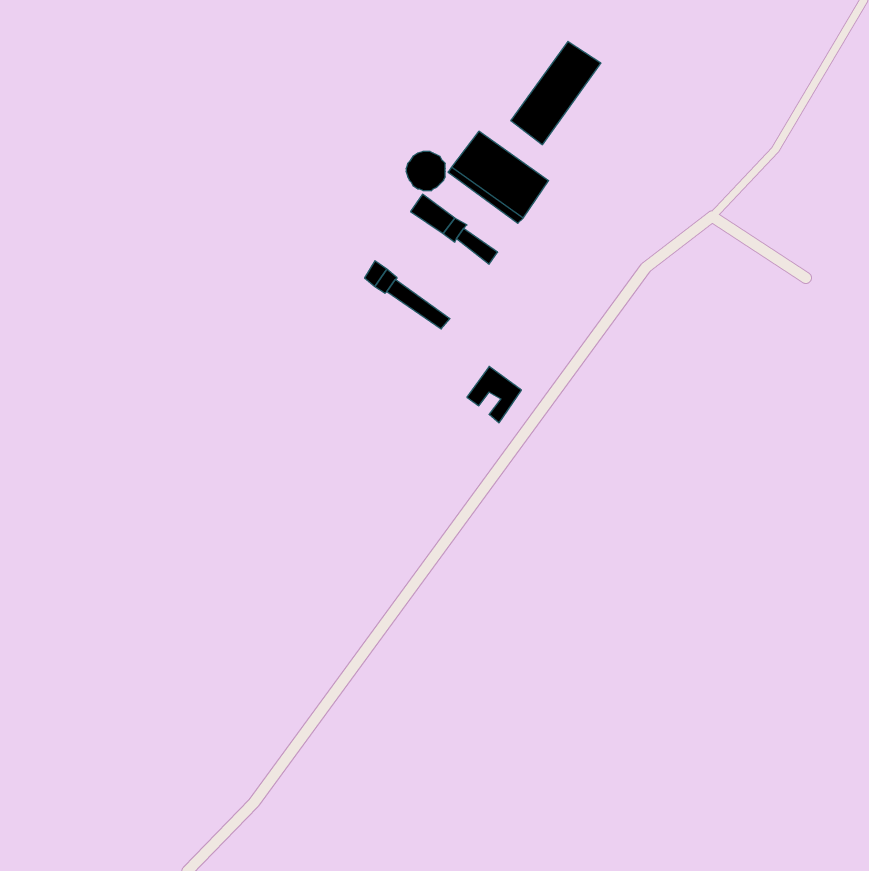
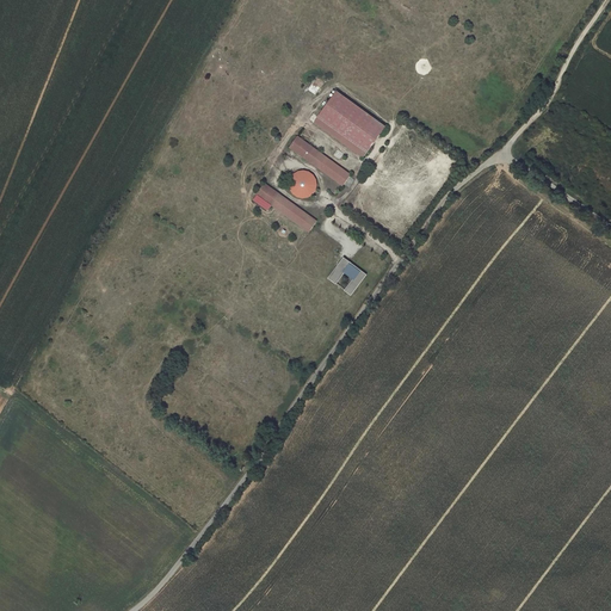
building: [511,41,601,145] -> none
building: [406,151,445,191] -> [288,171,315,198]

